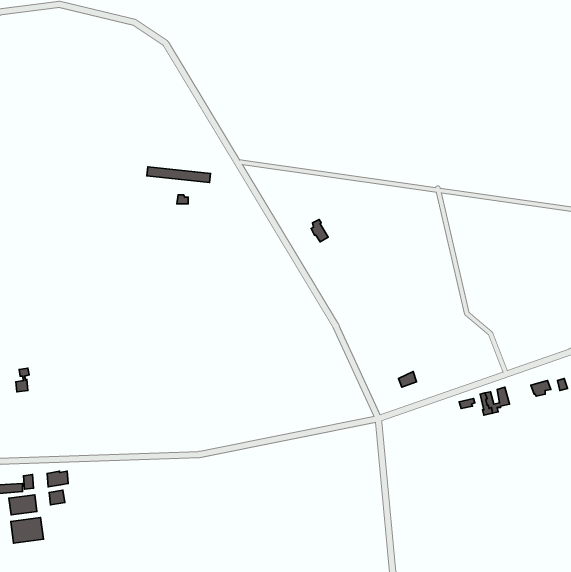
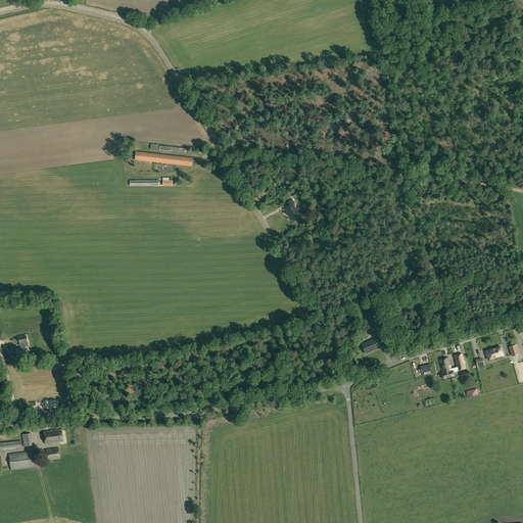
building: [11,518,43,543] -> none

